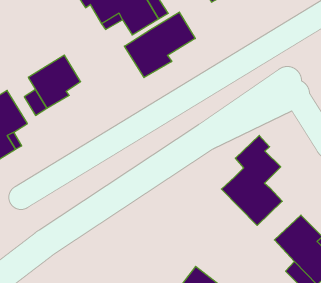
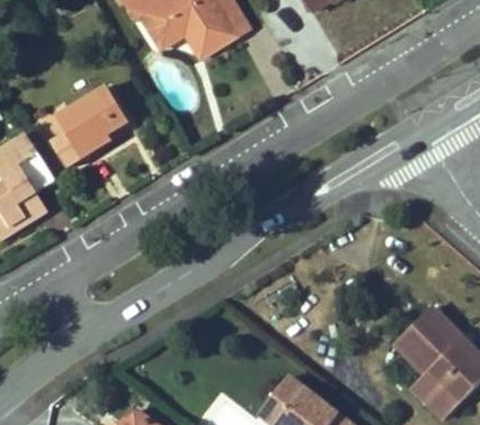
building: [124,12,195,78] -> none
building: [221,135,282,225] -> none

